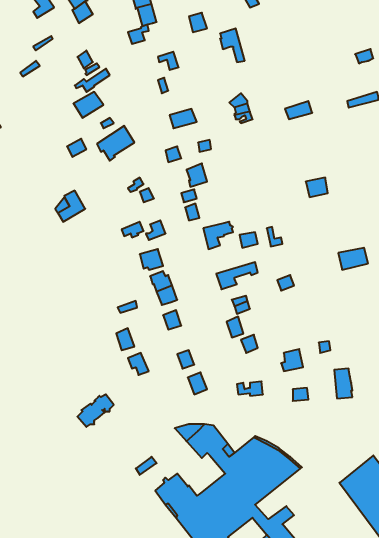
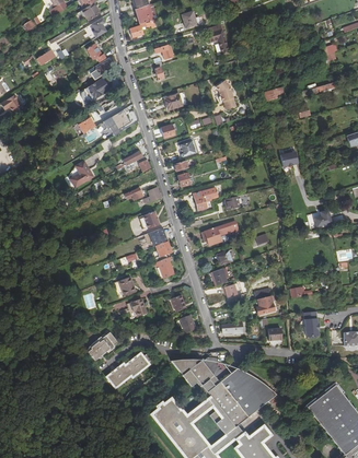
building: none -> [106,353,151,386]

